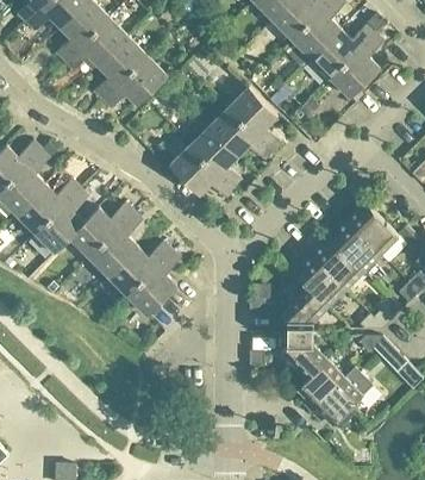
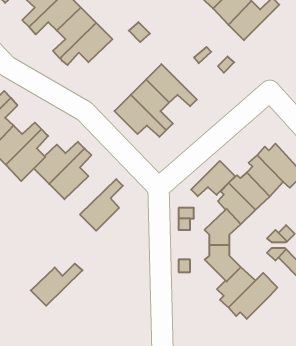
building: [330,33,382,98] -> none
building: [227,87,280,151] -> none
building: none -> [191,161,235,196]
building: [107,242,171,294] -> [31,264,83,306]

